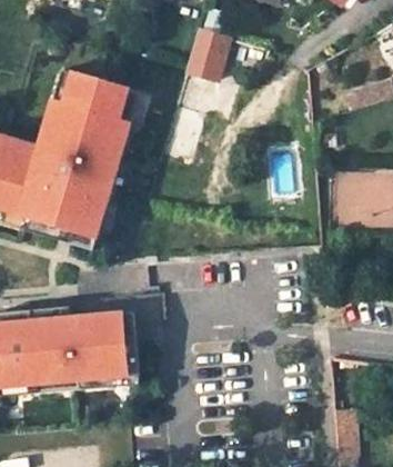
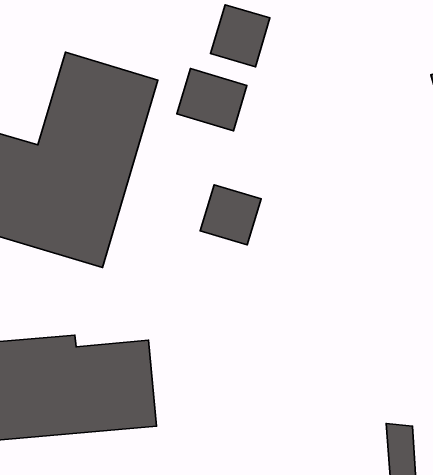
building: none -> [177,69,247,131]
building: none -> [200,185,261,245]

